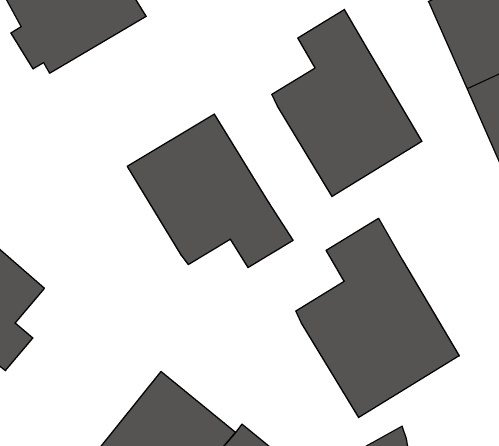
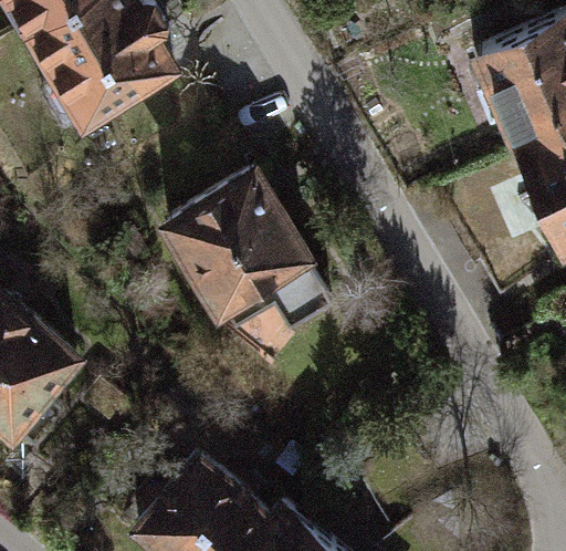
building: [272,9,422,197] -> none
building: [296,218,459,418] -> none

